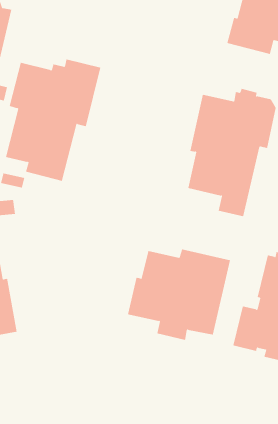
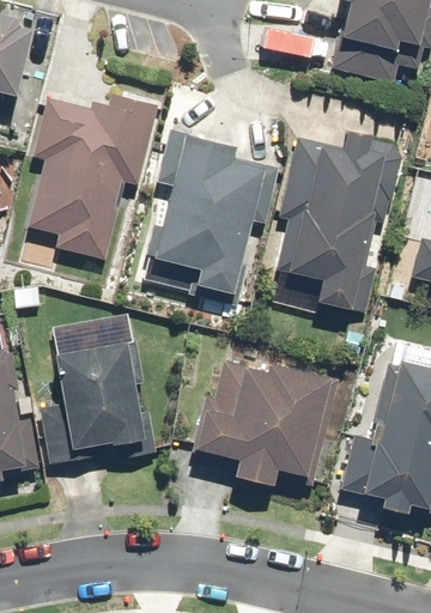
building: none -> [153,127,277,292]
building: none -> [36,312,157,467]

